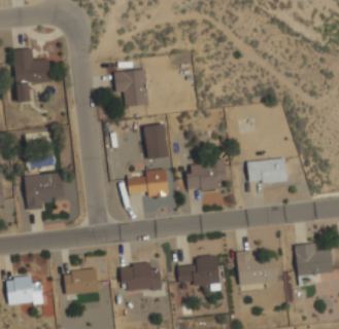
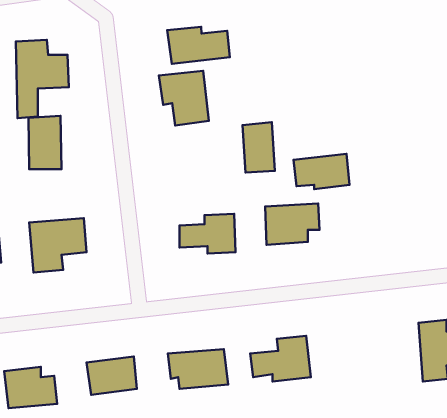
building: none -> [167,27,230,64]
building: none -> [28,116,62,169]
building: [145,123,168,158] -> [242,122,275,172]
building: [248,158,287,183] -> [293,154,349,189]
building: [237,251,278,285] -> none

